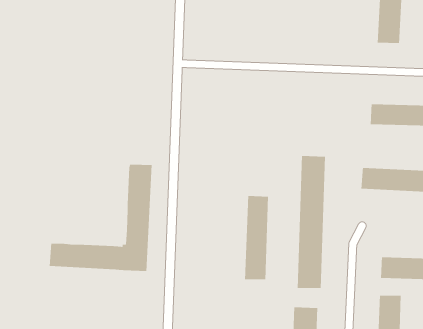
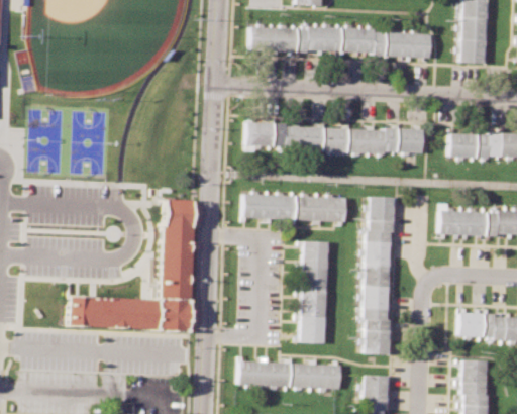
building: none -> [251,27,429,61]
building: none -> [245,123,422,156]
building: none -> [244,193,345,221]
building: none -> [237,360,339,389]

